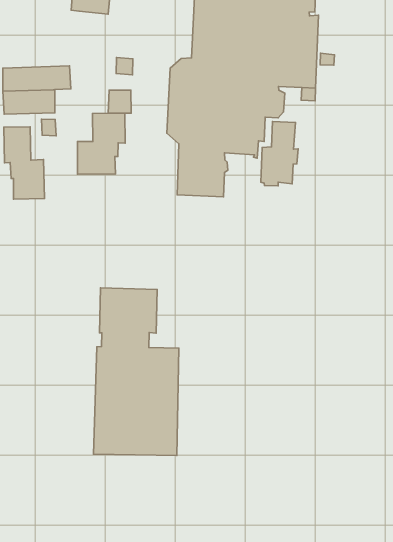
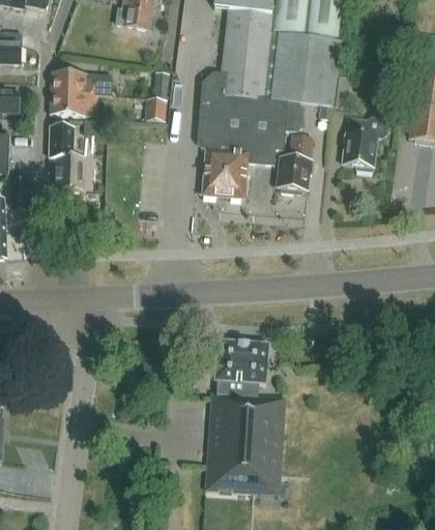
building: none -> [344,114,389,171]
building: [77,113,125,174] -> none
building: [94,288,179,456] -> [204,338,286,493]

